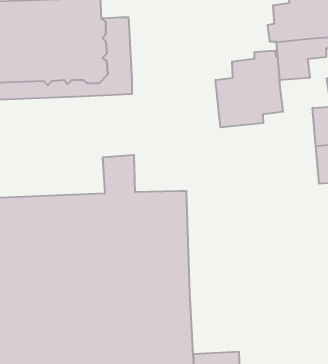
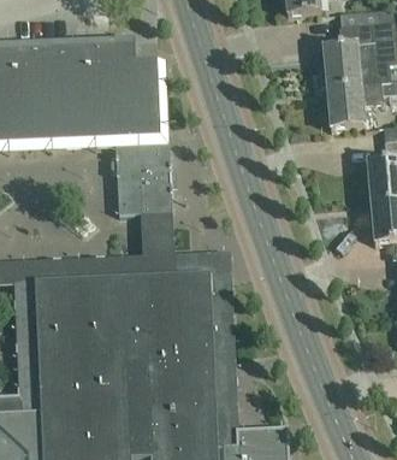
building: [216,50,283,127] -> none
building: none -> [114,143,171,213]

